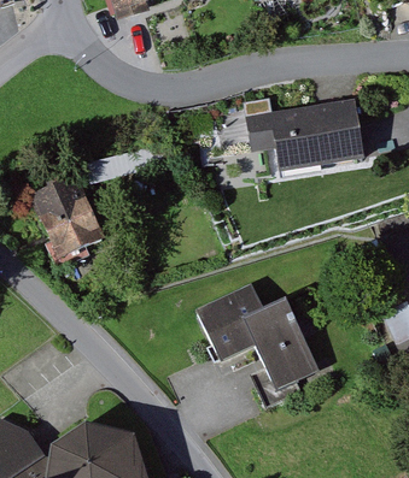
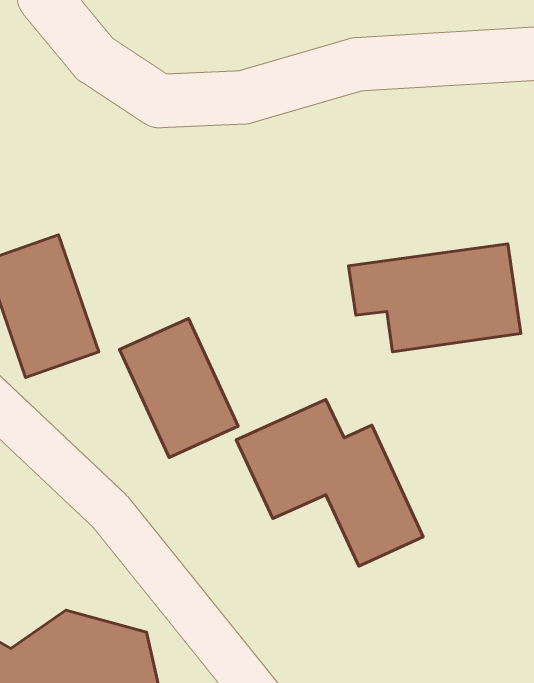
building: [247,100,361,171] -> [348,244,521,352]
building: none -> [120,318,238,457]

